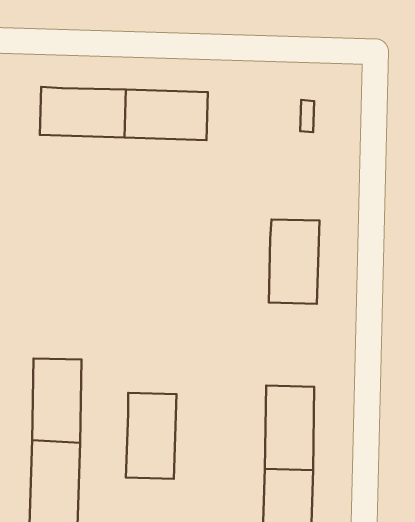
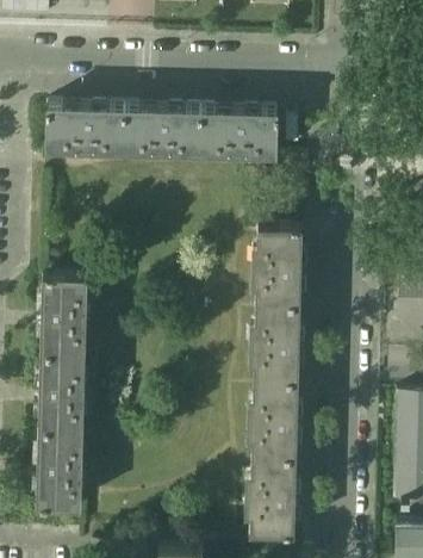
building: none -> [199,112,278,157]
building: none -> [254,305,300,383]
building: [126,393,176,479] -> [41,279,87,358]

